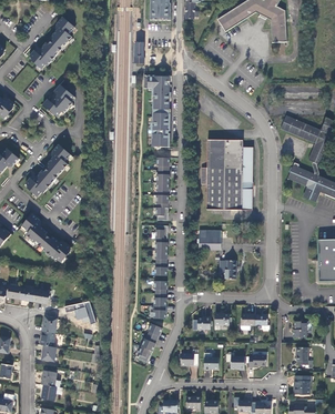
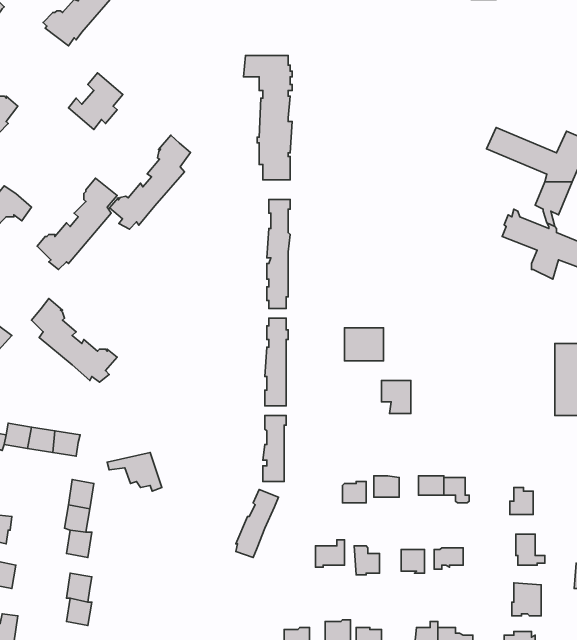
building: none -> [109,135,191,229]
building: [201,139,253,209] -> none

